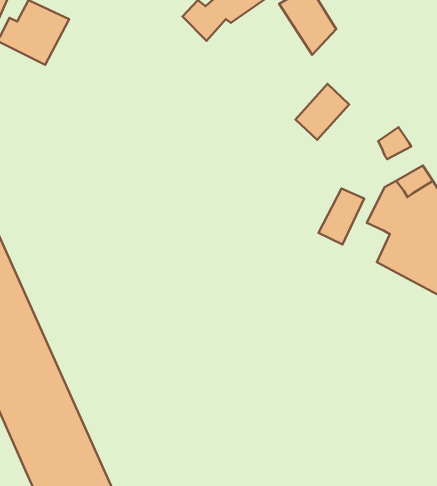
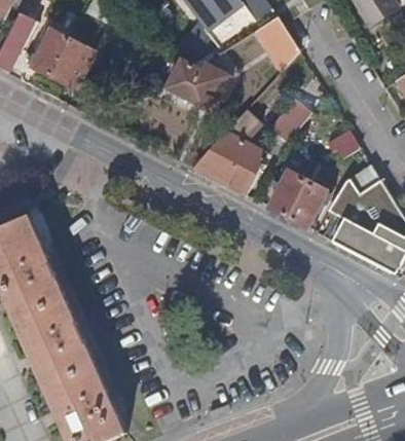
building: none -> [165,57,229,109]
building: none -> [192,109,266,193]
building: none -> [268,170,305,216]

